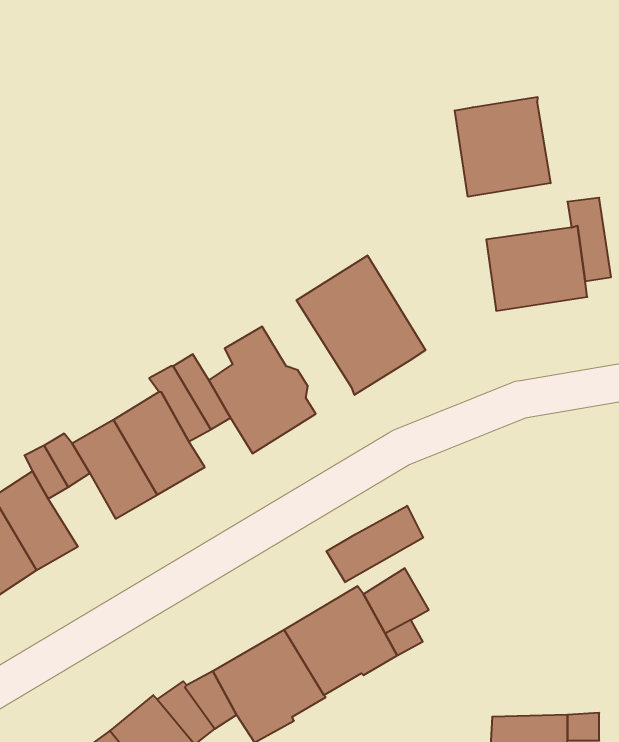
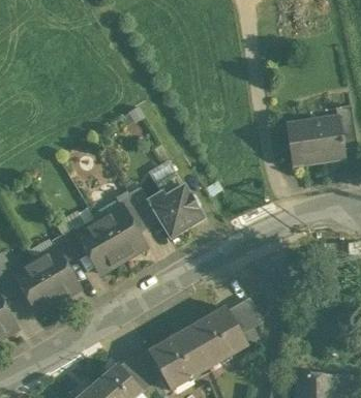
building: [455,97,551,197] -> none
building: [297,255,425,395] -> none
building: [326,506,423,582] -> none

